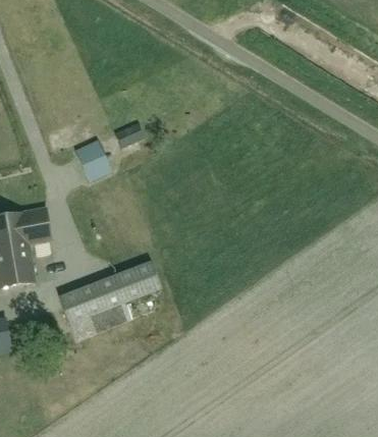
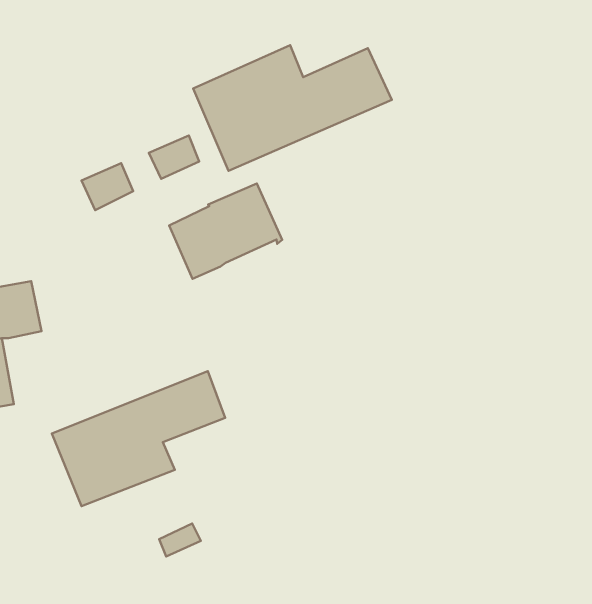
building: none -> [193,45,392,171]
building: none -> [169,183,282,279]

